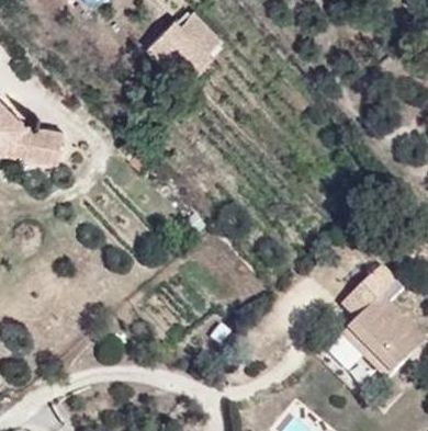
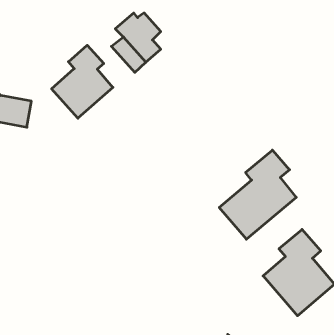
building: none -> [52,45,113,118]
building: none -> [219,150,296,239]

